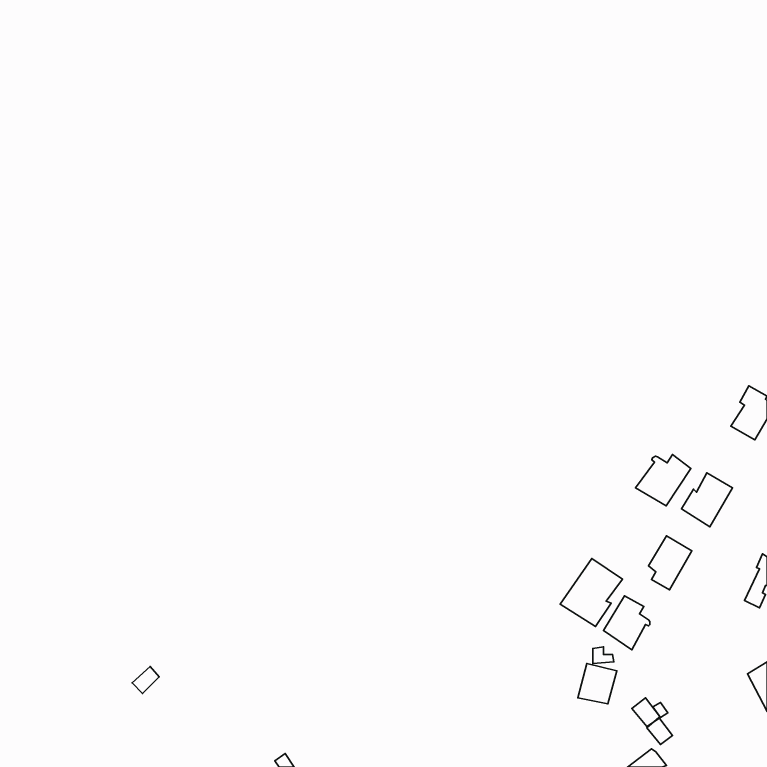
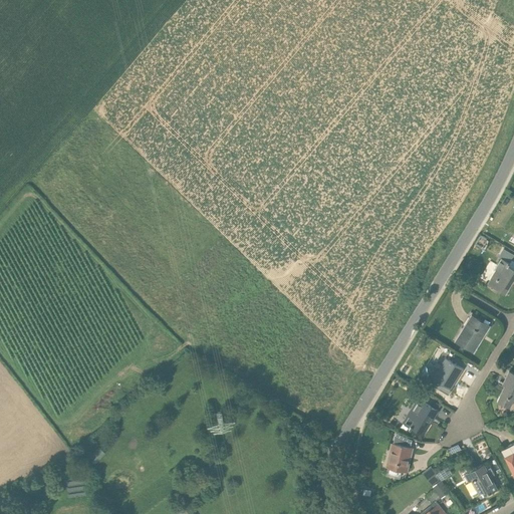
building: [635,455,691,506] -> none
building: [560,558,622,627] -> none
building: none -> [464,464,497,498]

